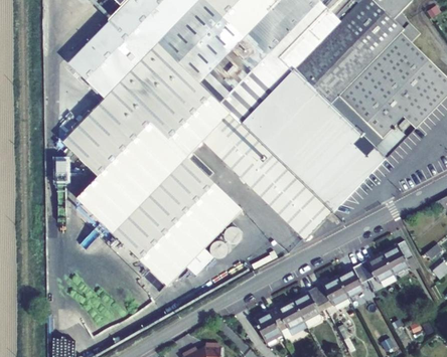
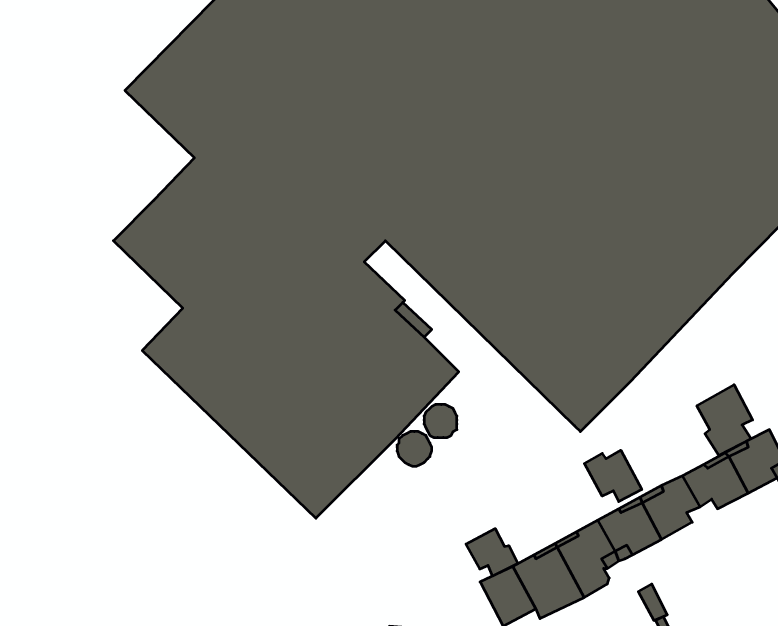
building: none -> [697,385,753,456]
building: none -> [584,450,642,502]
building: none -> [466,529,518,576]

